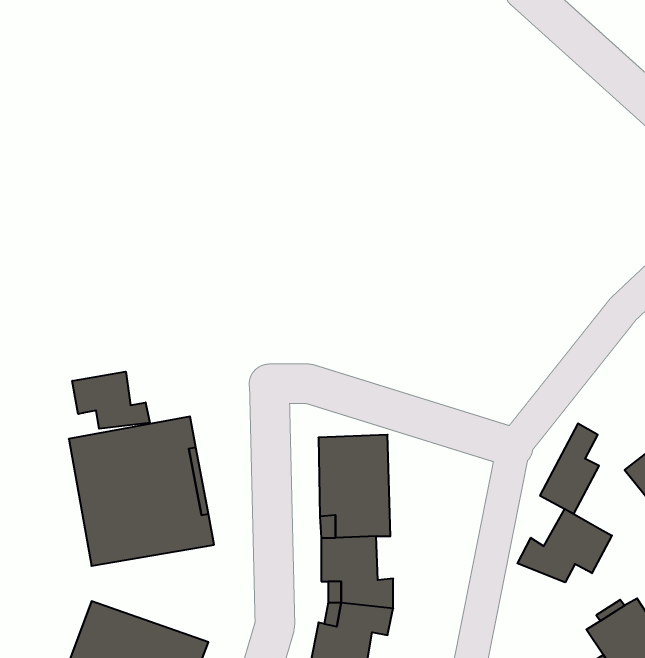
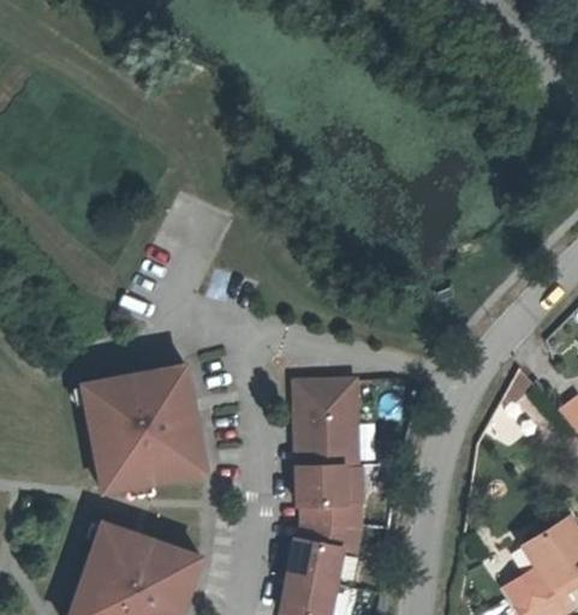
building: [72,372,150,429] -> none
building: [517,509,612,582] -> none

